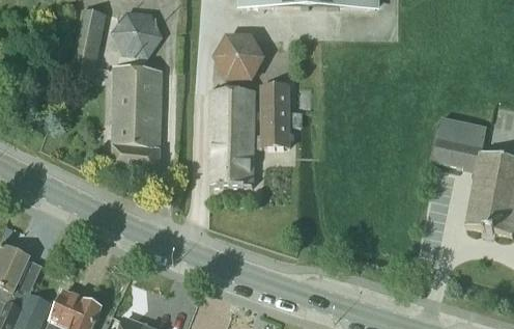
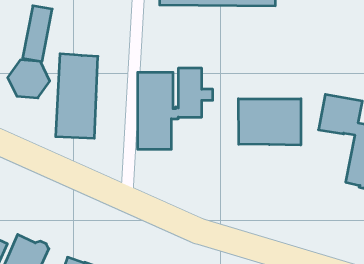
building: [111,10,163,57] -> [8,60,50,98]
building: [213,35,263,79] -> none
building: none -> [238,99,301,145]

